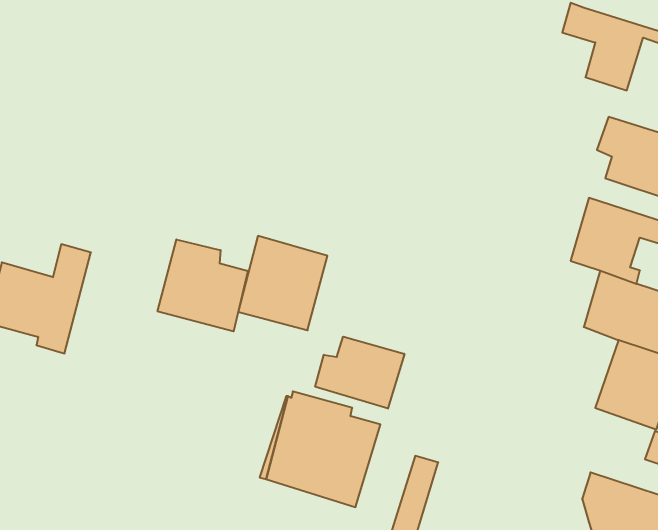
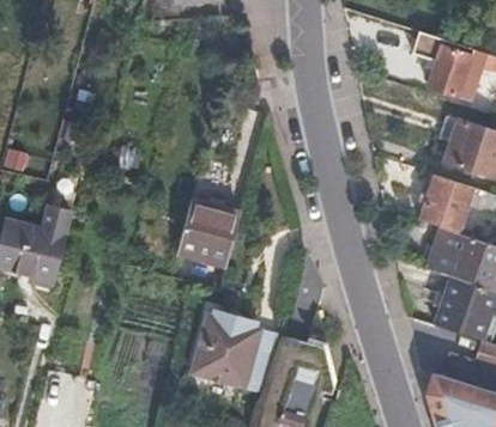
building: [158,239,248,331] -> none
building: [315,337,404,409] -> none

